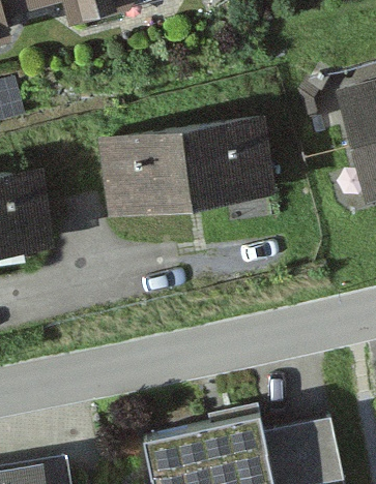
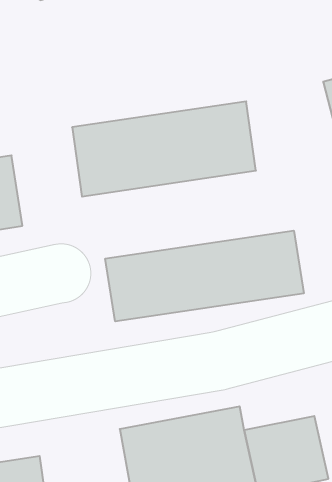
building: none -> [105,231,304,321]

